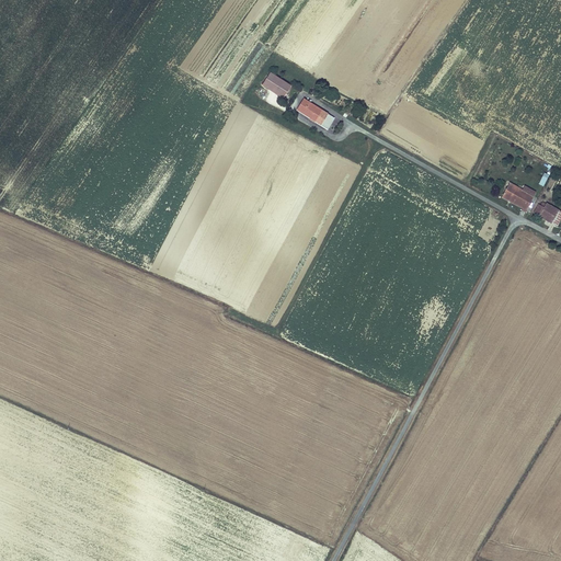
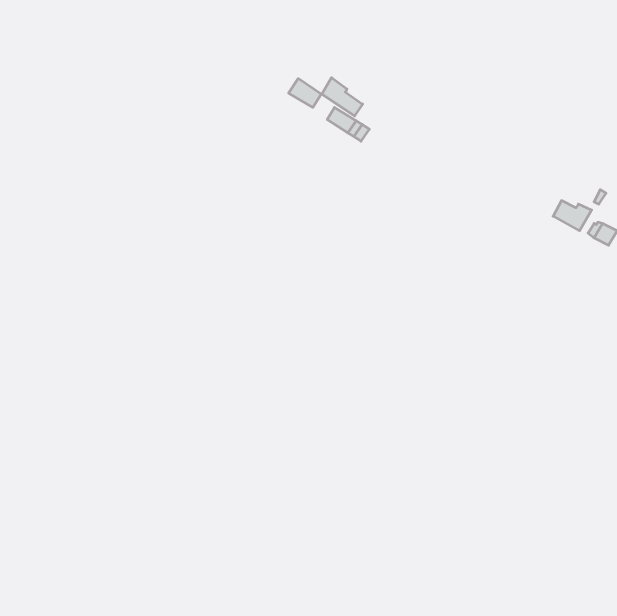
building: none -> [322,78,363,116]

